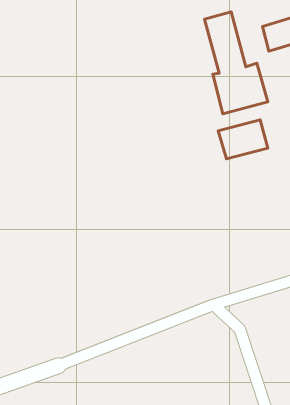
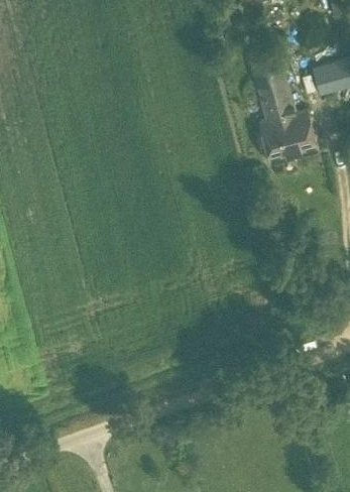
building: [218,120,268,159] -> none

